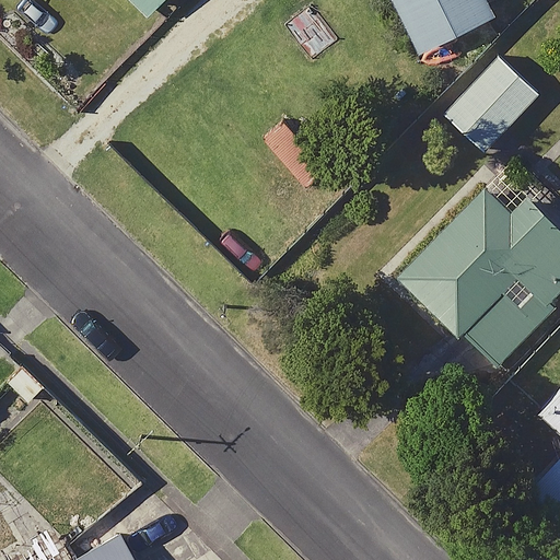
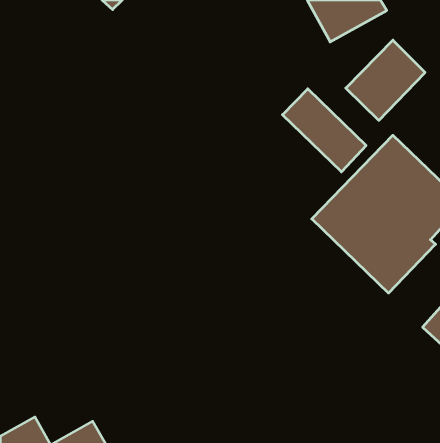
building: none -> [282,89,366,172]

